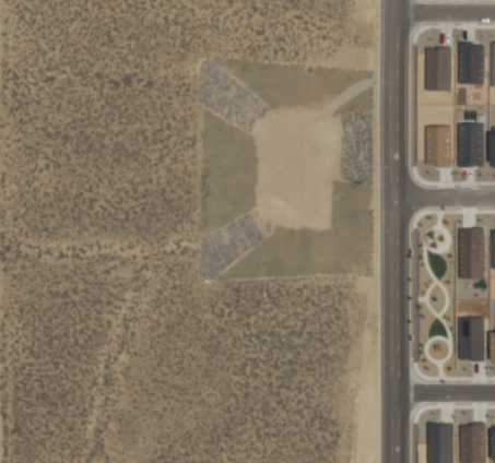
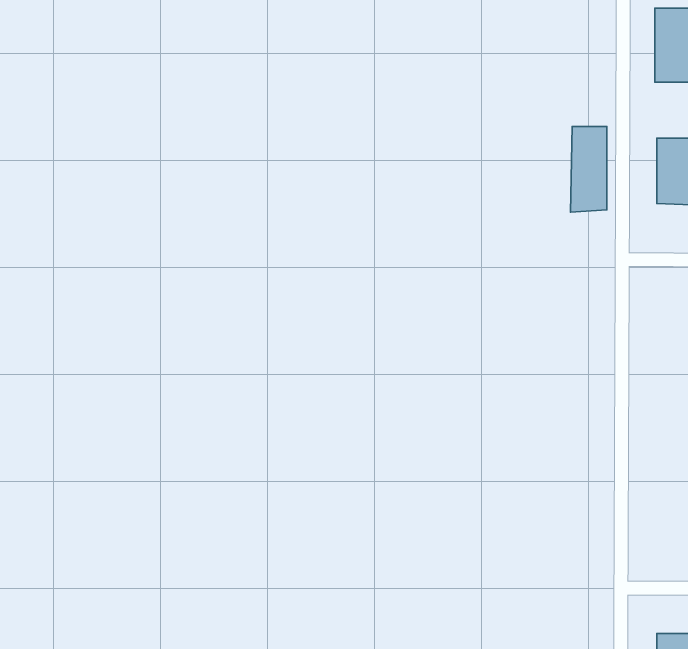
building: none -> [571,126,607,212]

